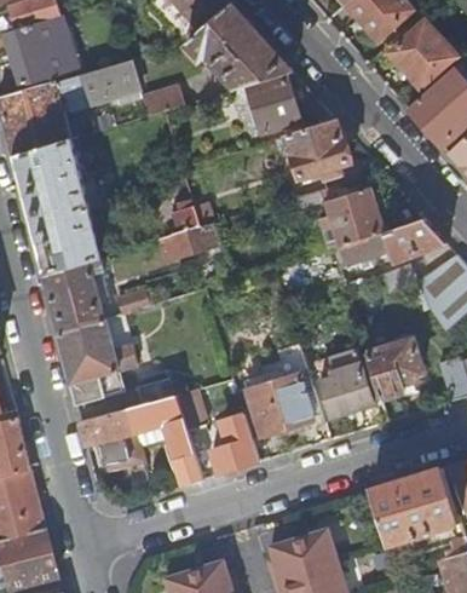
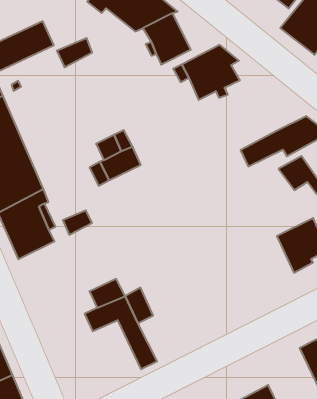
building: [324,185,385,246] -> none
building: [58,318,137,404] -> none
building: [312,350,371,416] -> none
building: [247,373,307,433] -> none
building: [81,409,137,464] -> none
building: [211,424,258,472] -> none

